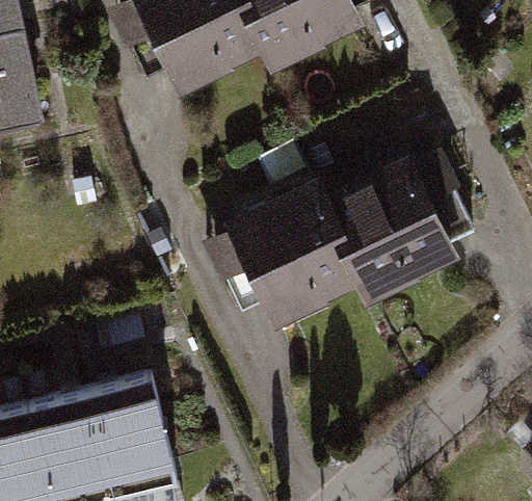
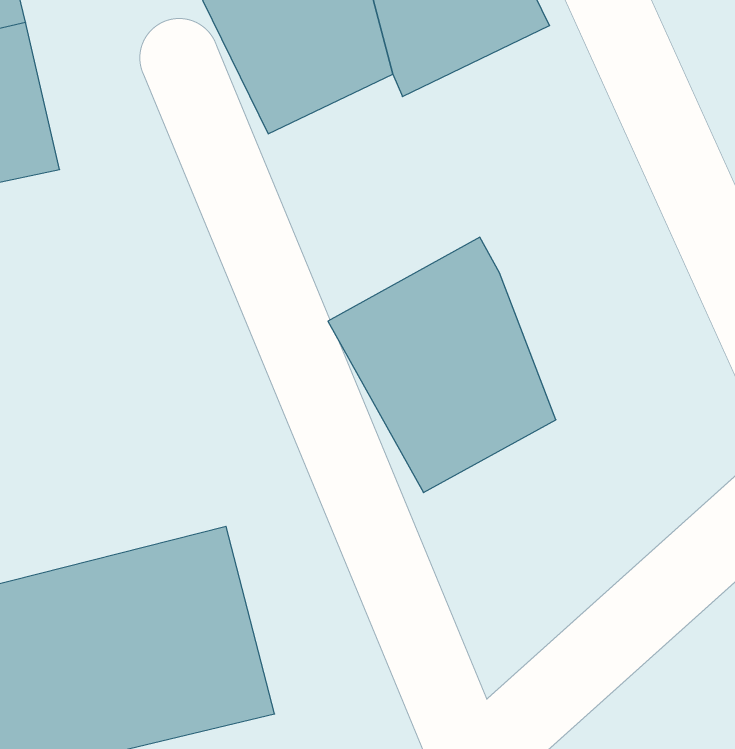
building: [327,146,464,304] -> none

